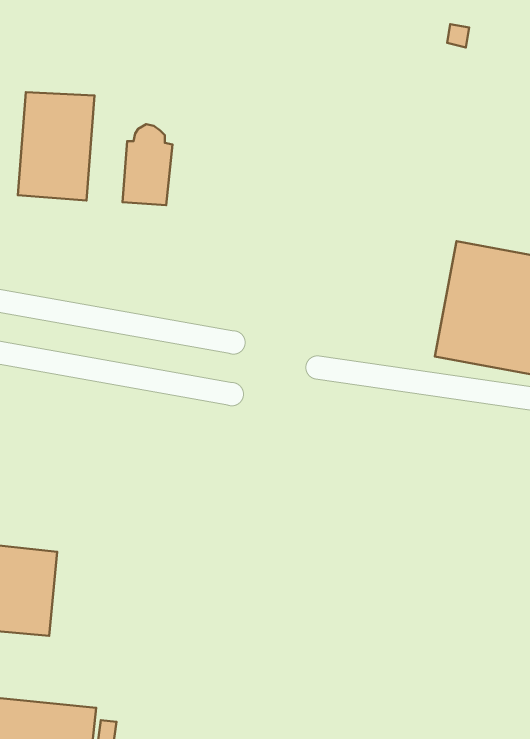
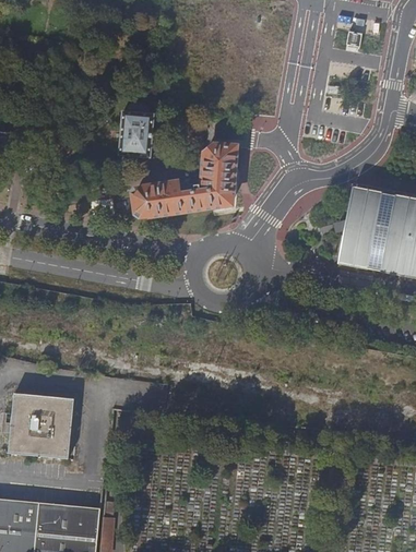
building: [18,92,95,201] -> none
building: none -> [128,146,237,220]

